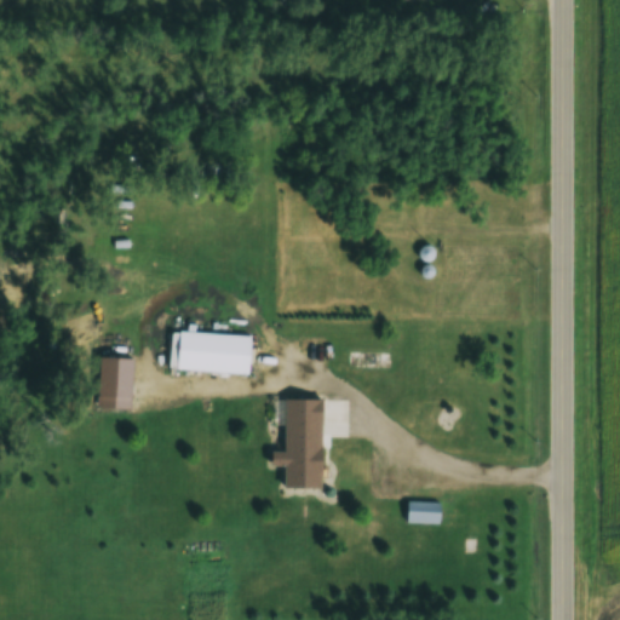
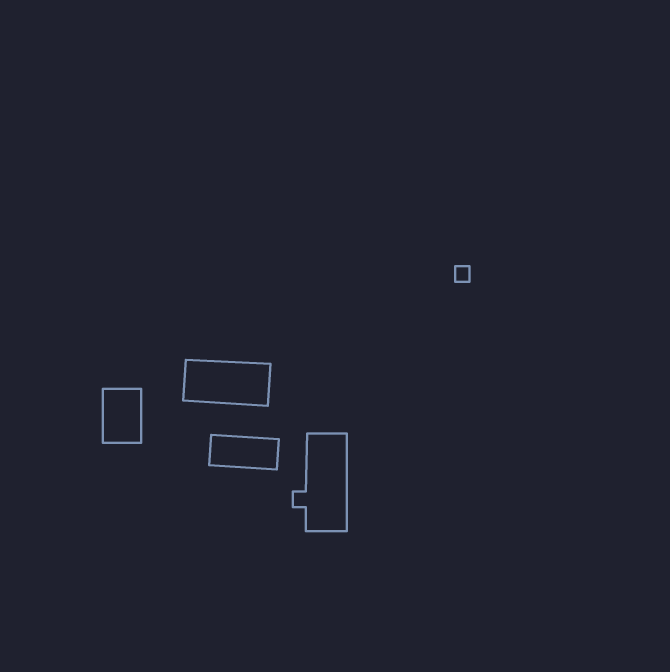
building: none -> [209,435,279,469]
building: [407,503,441,524] -> none

